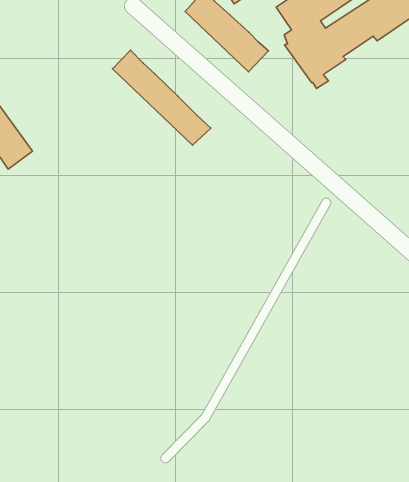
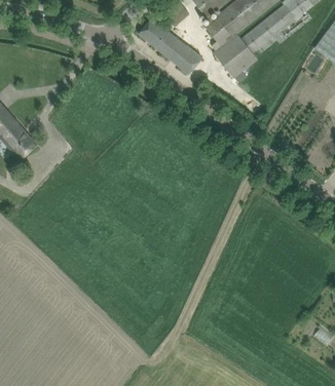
building: [113,50,211,145] -> none

